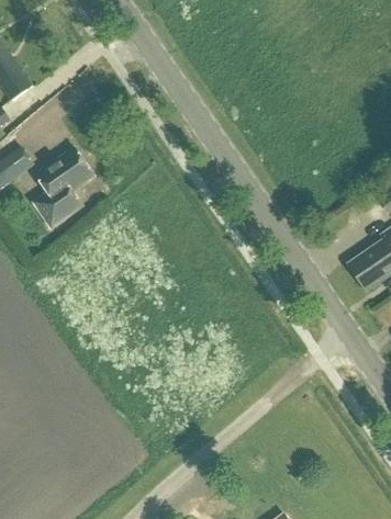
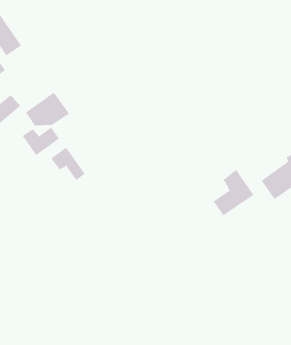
building: none -> [50,147,85,181]
building: none -> [213,169,254,216]

